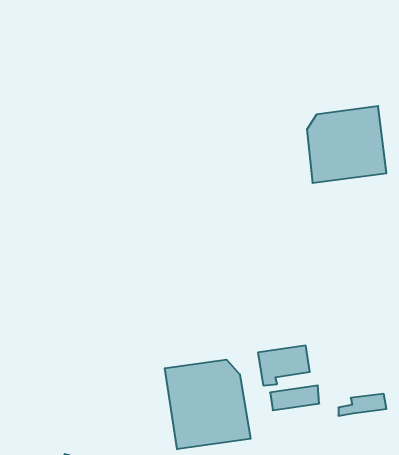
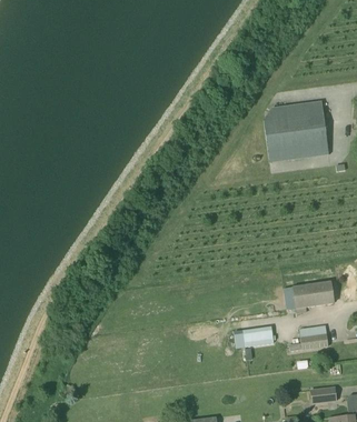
building: [258,346,310,385] -> [291,281,334,313]
building: [165,360,251,449] -> none

